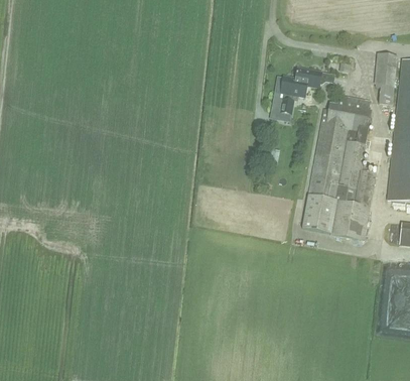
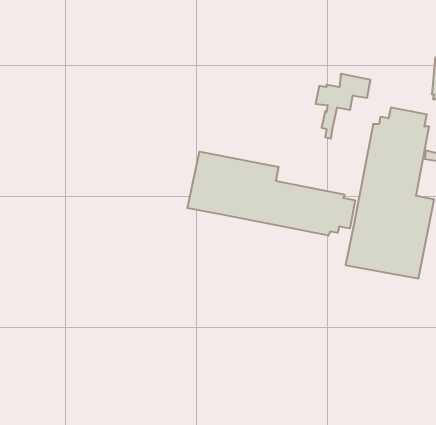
building: none -> [187,152,355,236]

